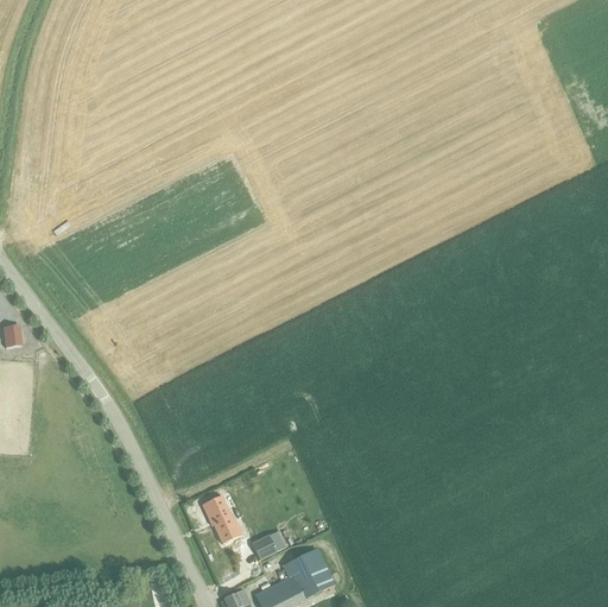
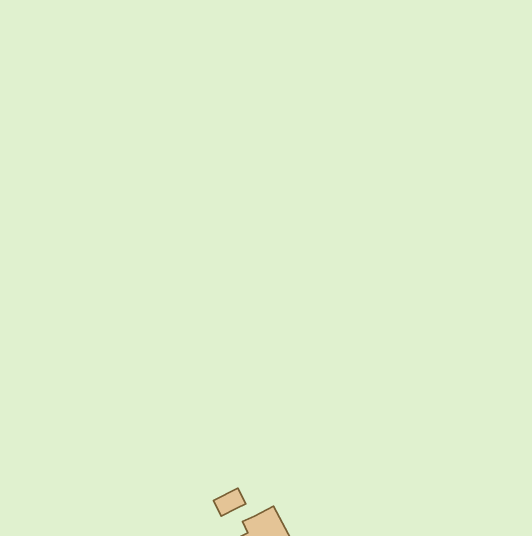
building: [203,495,240,544] -> none

